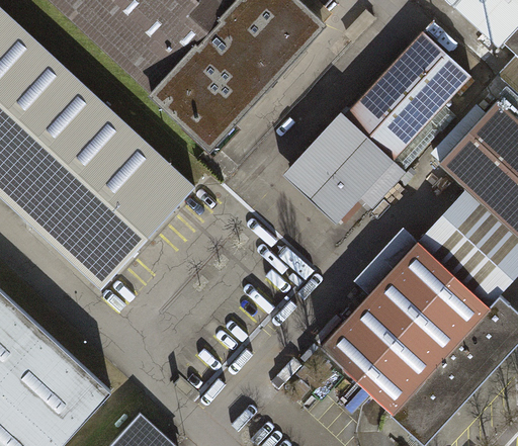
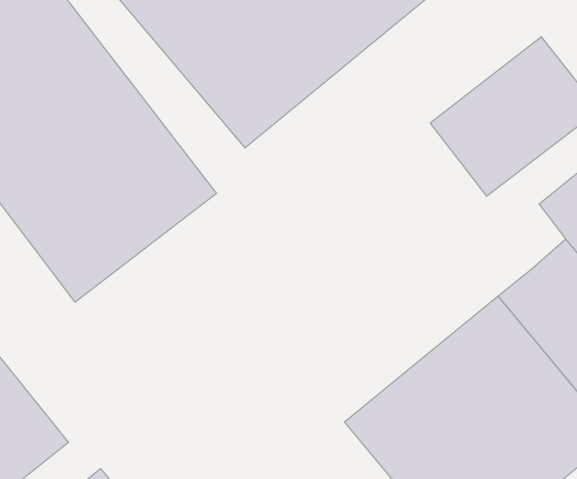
building: [289,111,398,219] -> none

